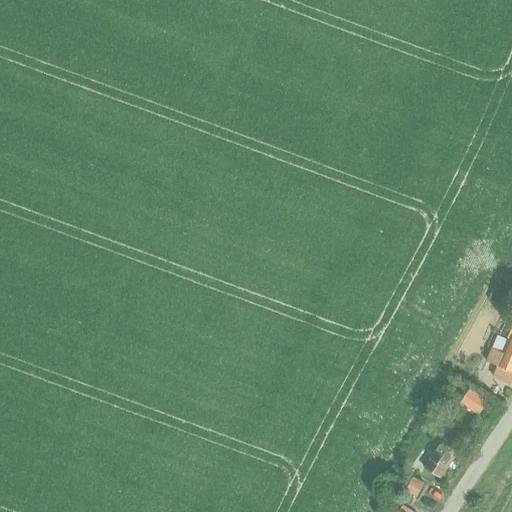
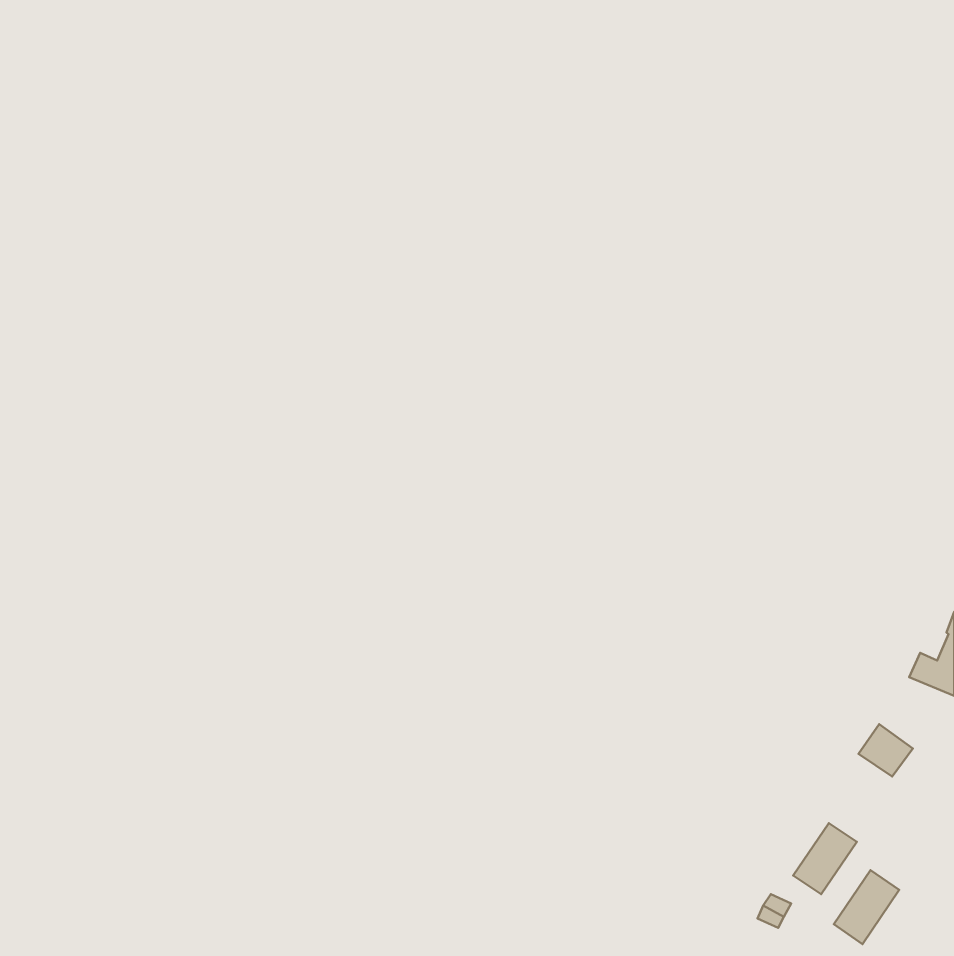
building: none -> [834,870,899,944]

